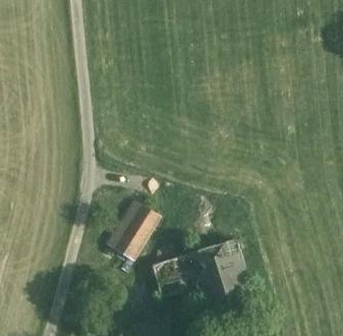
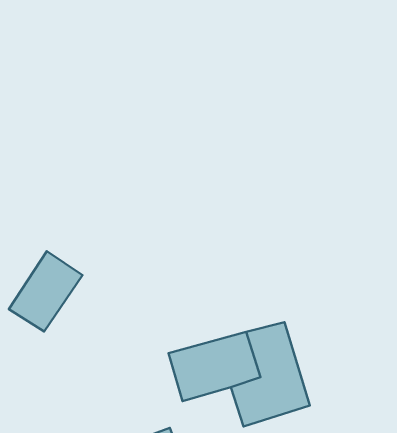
building: [107,201,160,259] -> [9,251,82,332]

